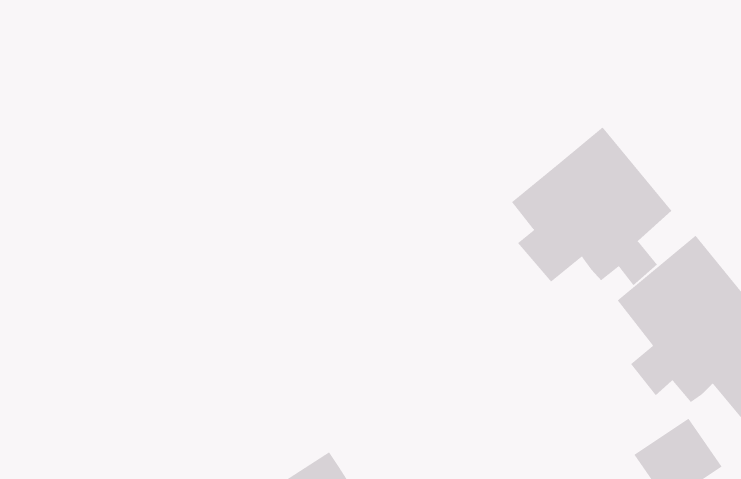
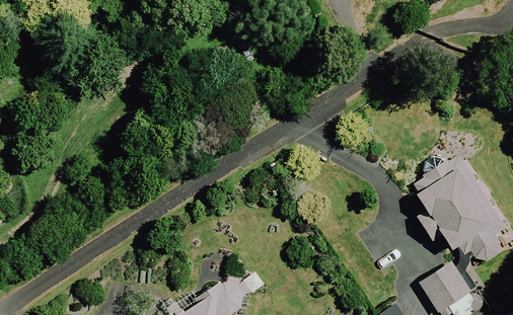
building: [511,126,672,286] -> none

